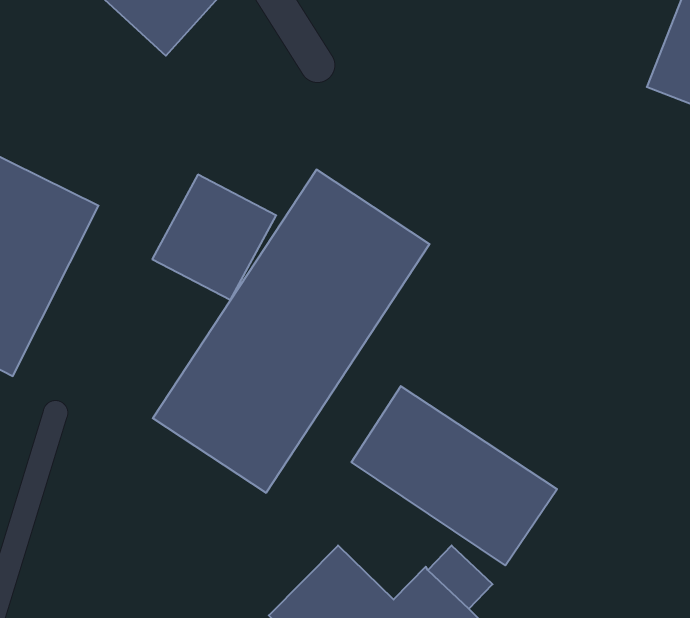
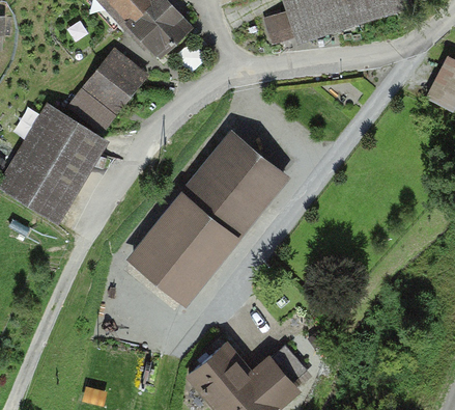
building: [152,175,276,300] -> [76,46,147,117]
building: [351,386,557,565] -> none

